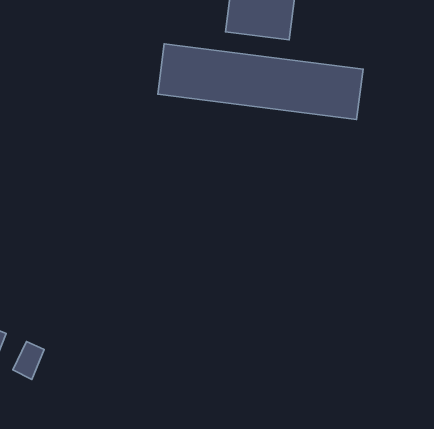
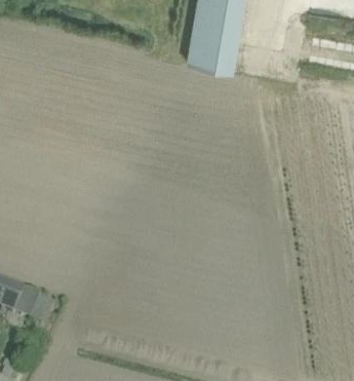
building: [158,44,363,119] -> none

